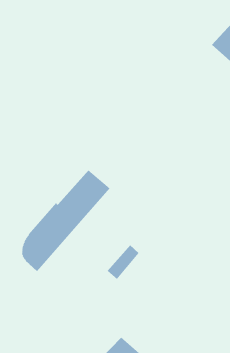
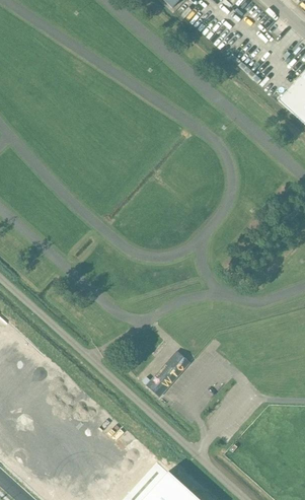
building: [22,169,110,272] -> none

